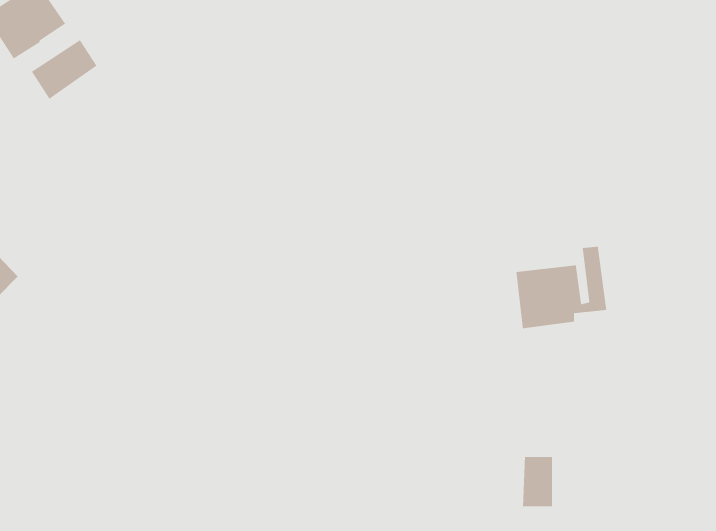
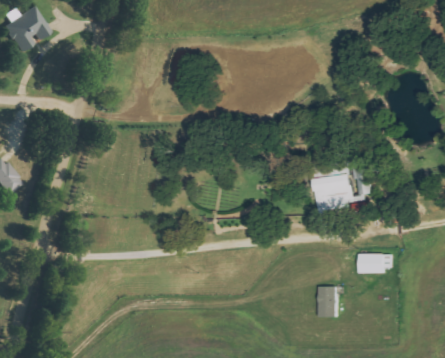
building: [31,39,98,100] -> none
building: none -> [358,253,390,271]

